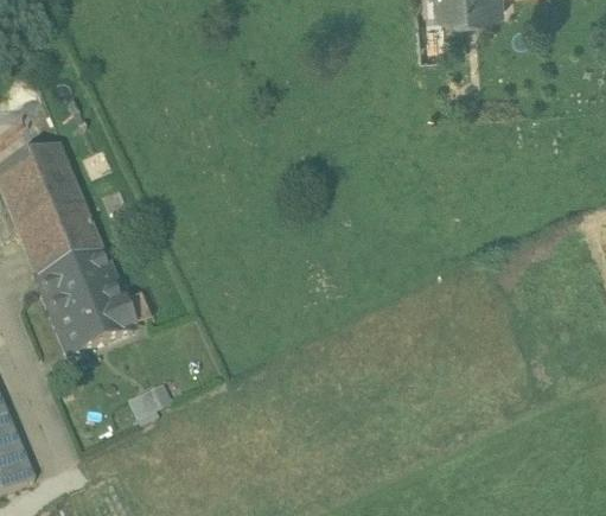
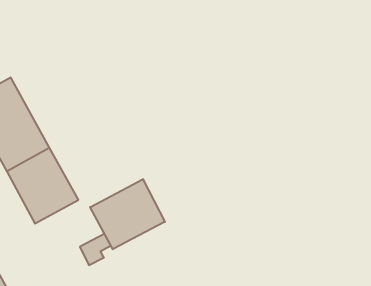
building: none -> [90,179,165,249]

